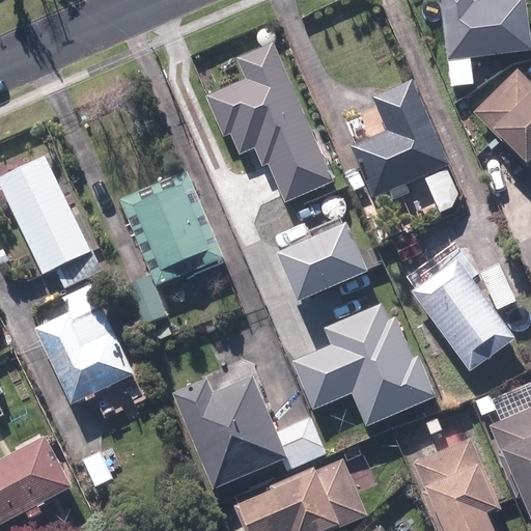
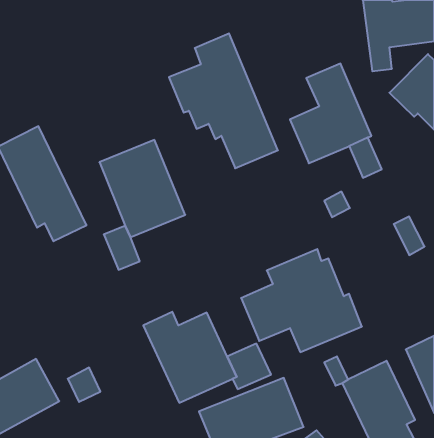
building: [277,215,376,303] -> none
building: [410,258,515,372] -> none
building: [34,284,136,404] -> none

